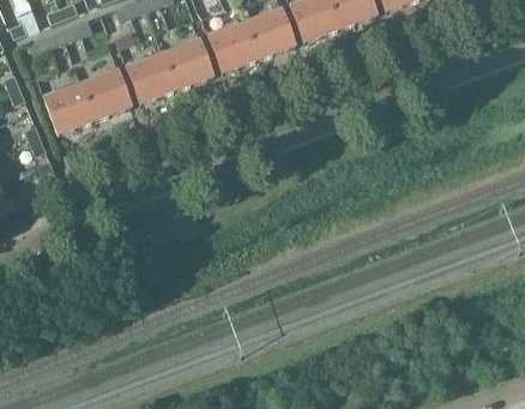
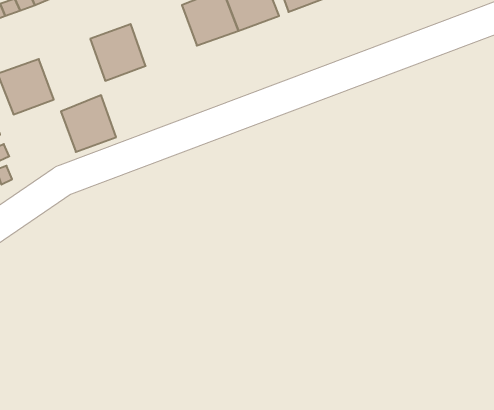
building: [162,40,211,90] -> none
building: [80,70,129,120] -> [61,95,116,152]

